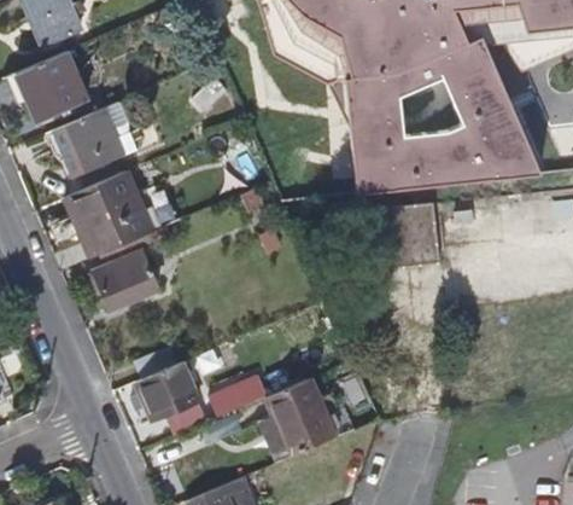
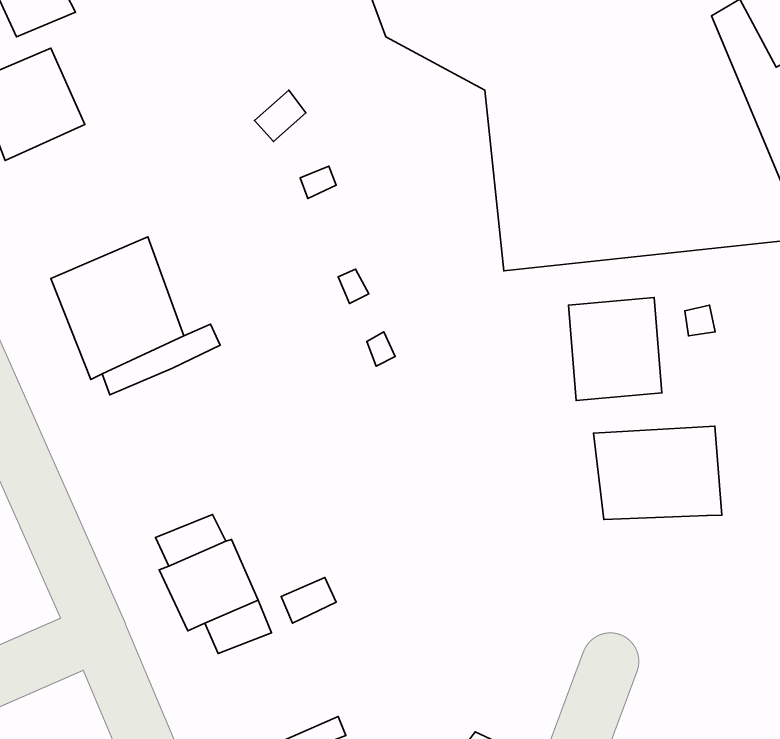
building: [54,99,136,175] -> none
building: [89,252,157,309] -> none
building: none -> [594,426,722,519]
building: [251,376,334,464] -> none

